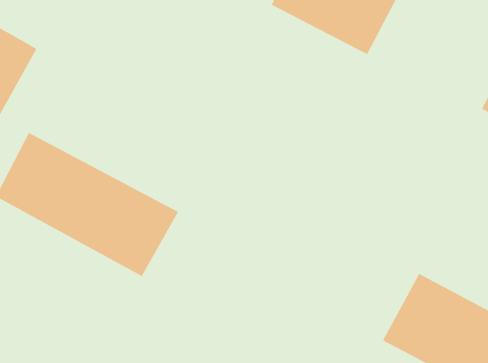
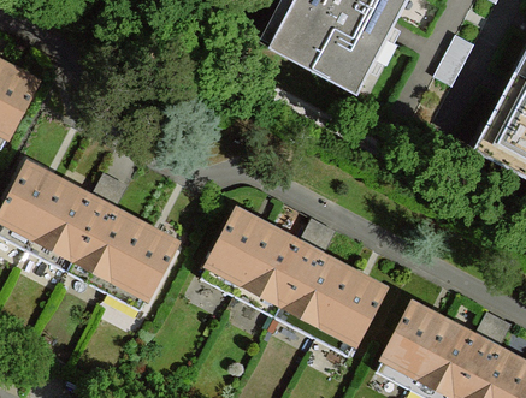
building: none -> [202,208,385,351]

